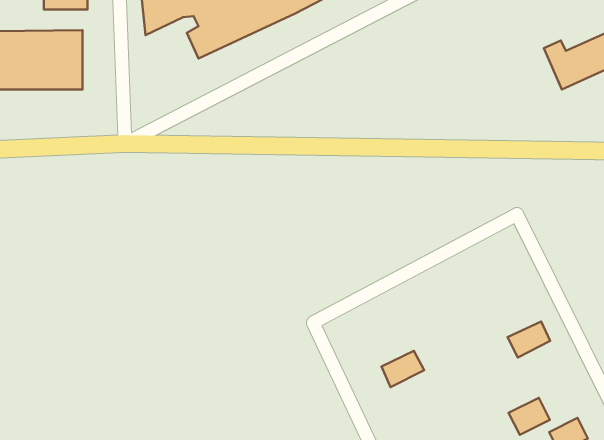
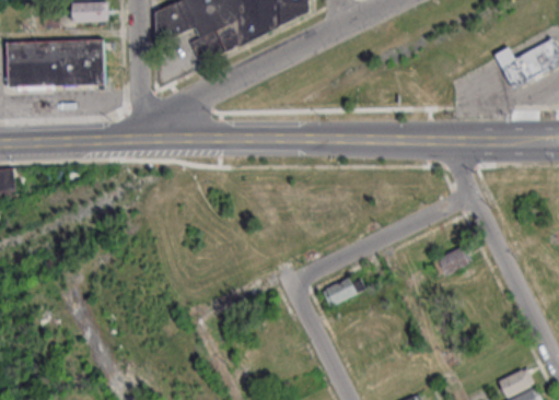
building: [508,322,550,358] -> [434,245,470,275]
building: [382,351,424,387] -> [324,275,360,306]
building: [509,398,550,435] -> none

